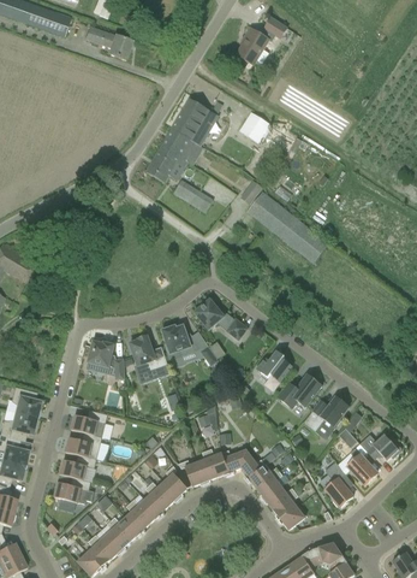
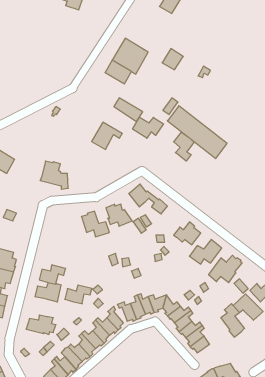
building: [147,146,189,183] -> [92,122,122,149]
building: none -> [133,117,164,138]
building: none -> [174,132,194,161]
building: [87,342,125,381] -> [40,161,68,189]
building: [60,455,97,480] -> [65,285,92,304]

